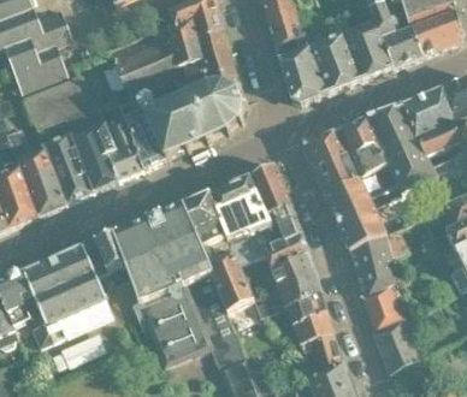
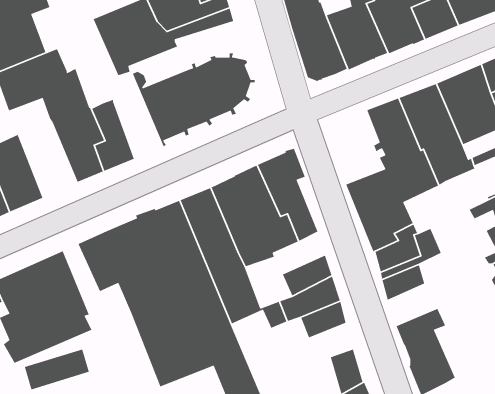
building: [178,51,238,91] -> none
building: [125,95,167,168] -> none
building: [303,126,357,190] -> none
building: [42,134,94,202] -> none
building: [262,231,307,267] -> none
building: [360,275,403,312] -> none
building: [292,309,331,340] -> none

